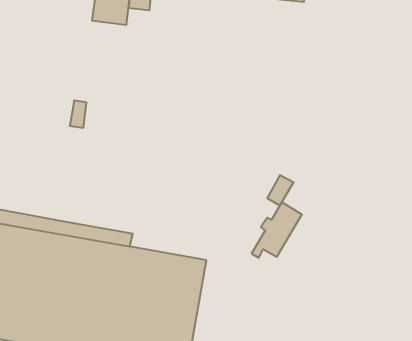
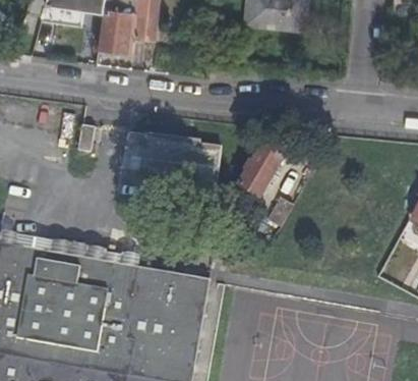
building: none -> [135,132,220,190]
building: [252,202,302,258] -> [232,146,281,200]

